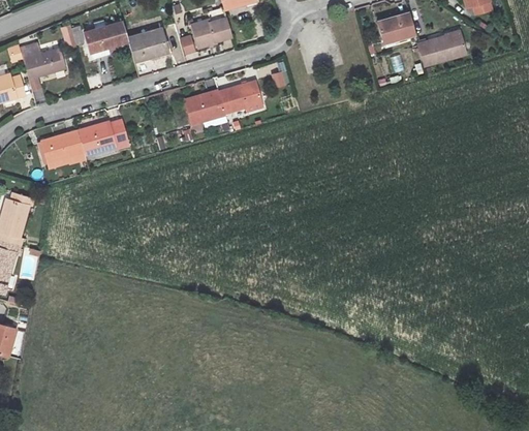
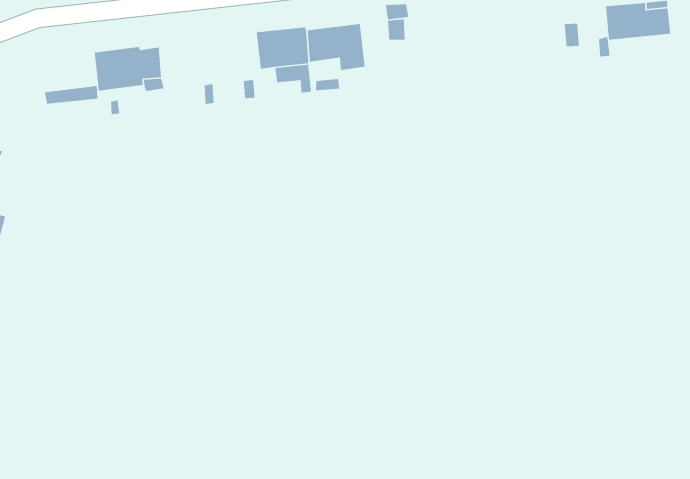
building: [44,130,85,162] -> none

